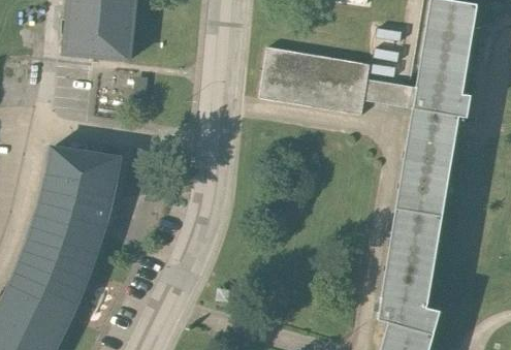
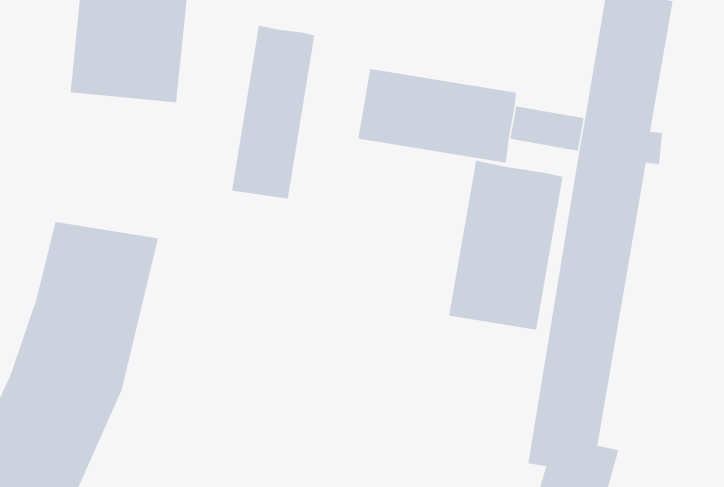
building: none -> [232,25,315,200]
building: none -> [449,160,563,331]

